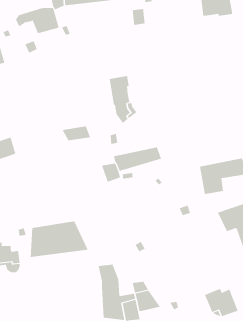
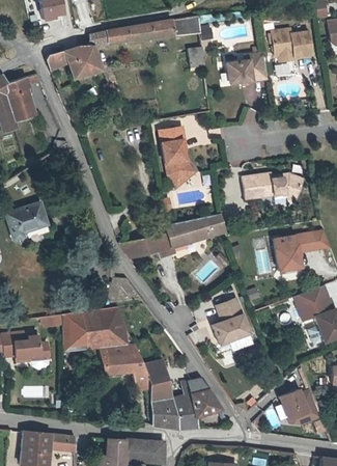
building: none -> [225,53,266,83]
building: none -> [242,172,303,199]
building: [62,126,91,141] -> [120,239,156,257]
building: none -> [213,297,250,344]
building: none -> [101,342,150,390]

